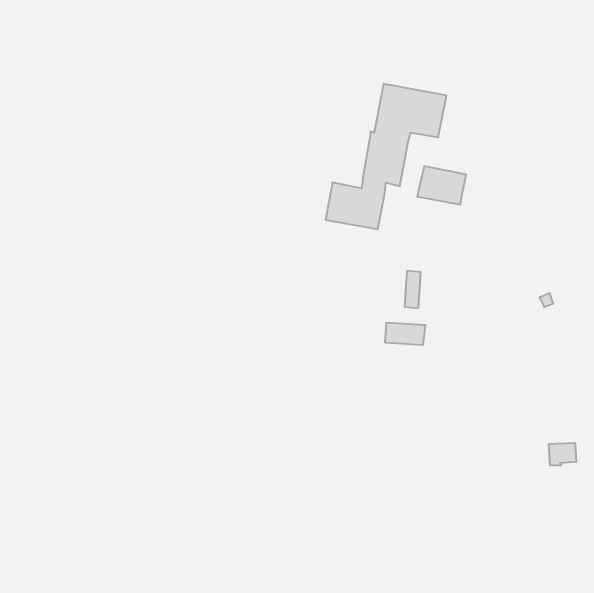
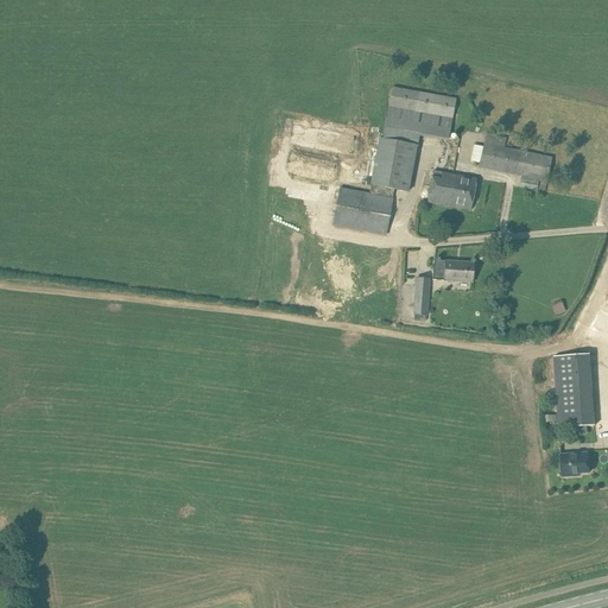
building: none -> [479,133,552,190]
building: [385,323,426,345] -> [432,259,474,281]
building: none -> [553,353,595,428]

